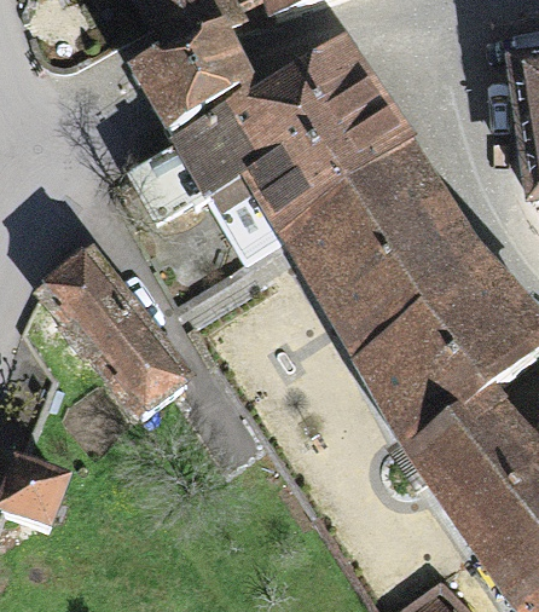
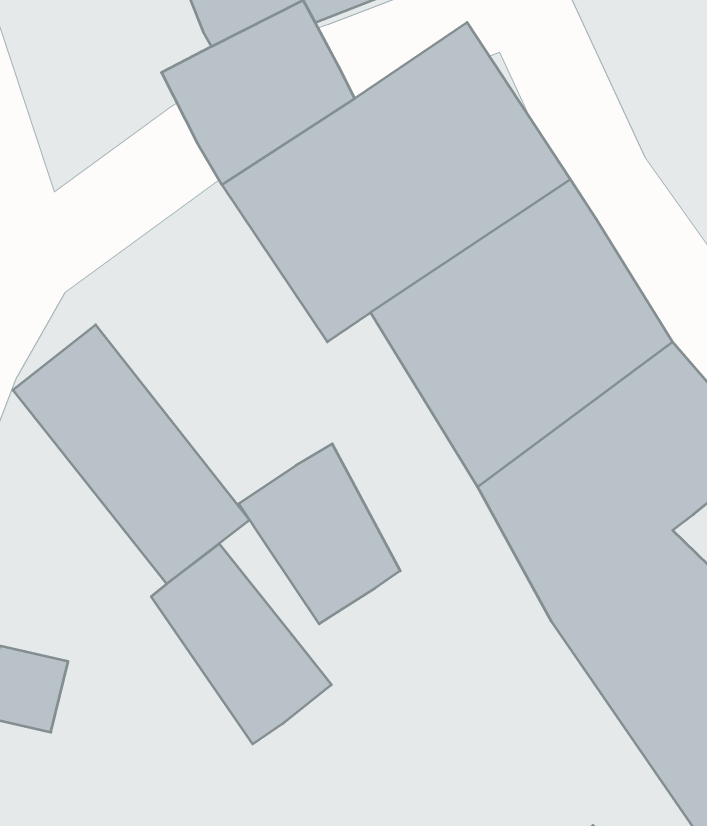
building: none -> [239,444,400,624]
building: none -> [151,544,331,744]

